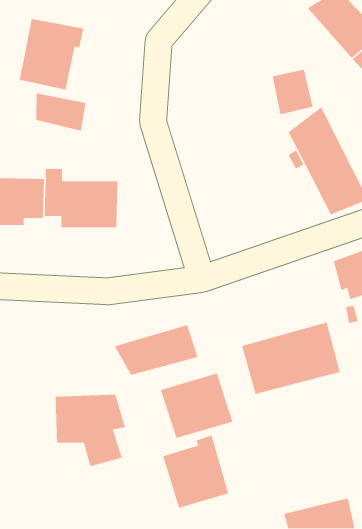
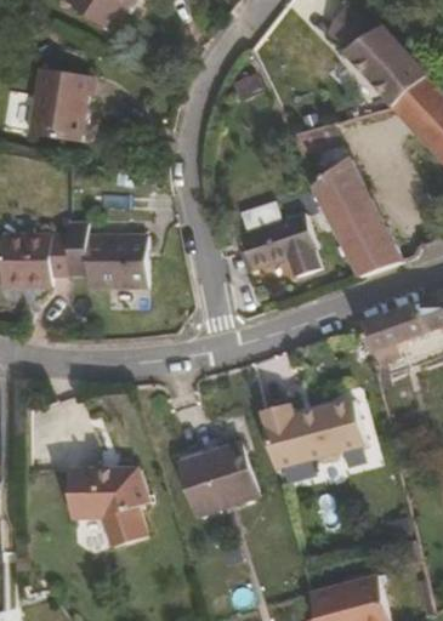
building: [36,93,86,131] -> none
building: none -> [243,210,323,273]
building: [114,324,199,376] -> none
building: [162,435,229,509] -> none

